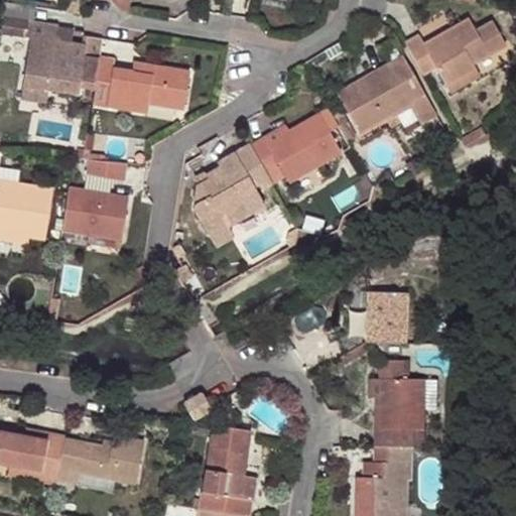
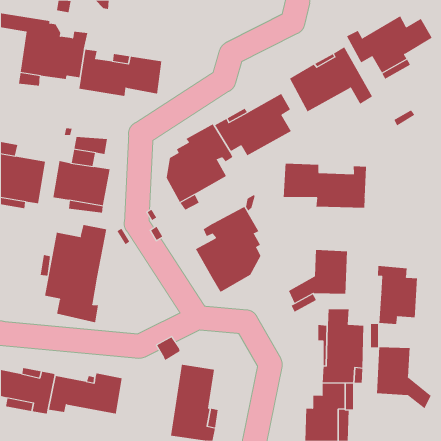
building: none -> [283,163,367,209]
building: none -> [195,206,261,293]
building: none -> [45,224,107,323]
building: none -> [377,265,418,325]
building: none -> [377,347,432,409]

